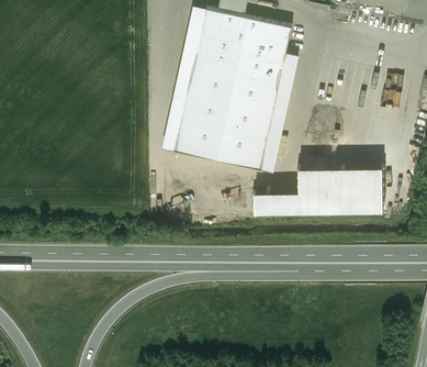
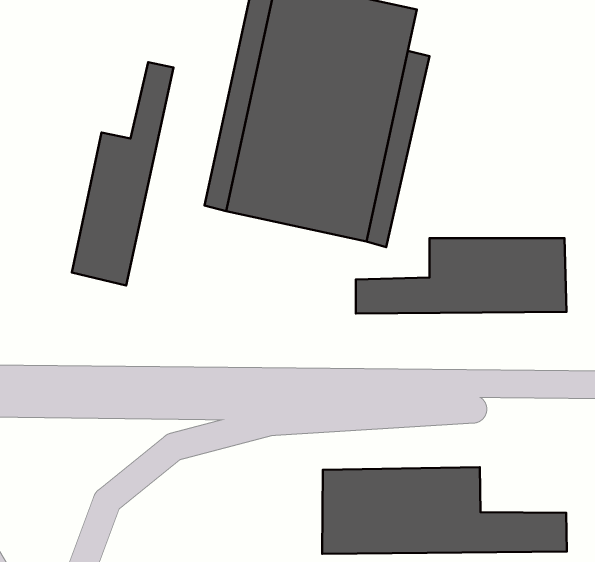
building: none -> [72,62,173,286]
building: none -> [322,467,567,554]

